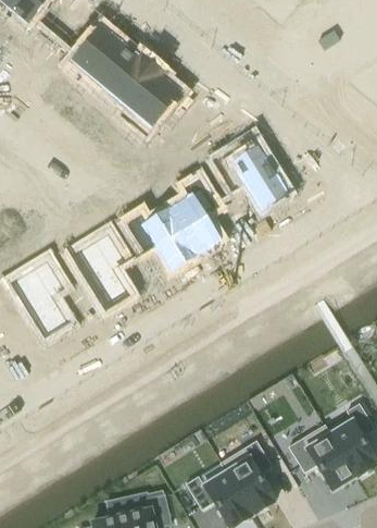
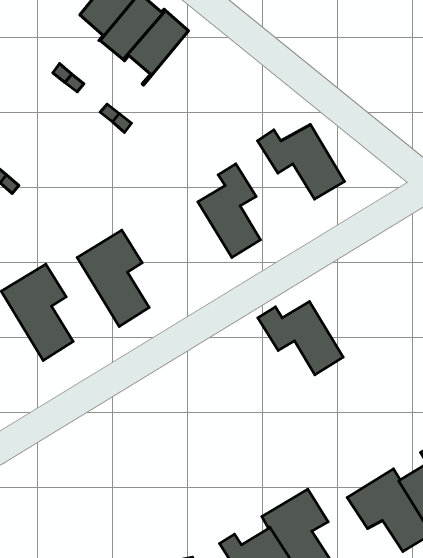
building: [125,72,179,132] -> none
building: [127,209,196,268] -> [258,302,343,375]

